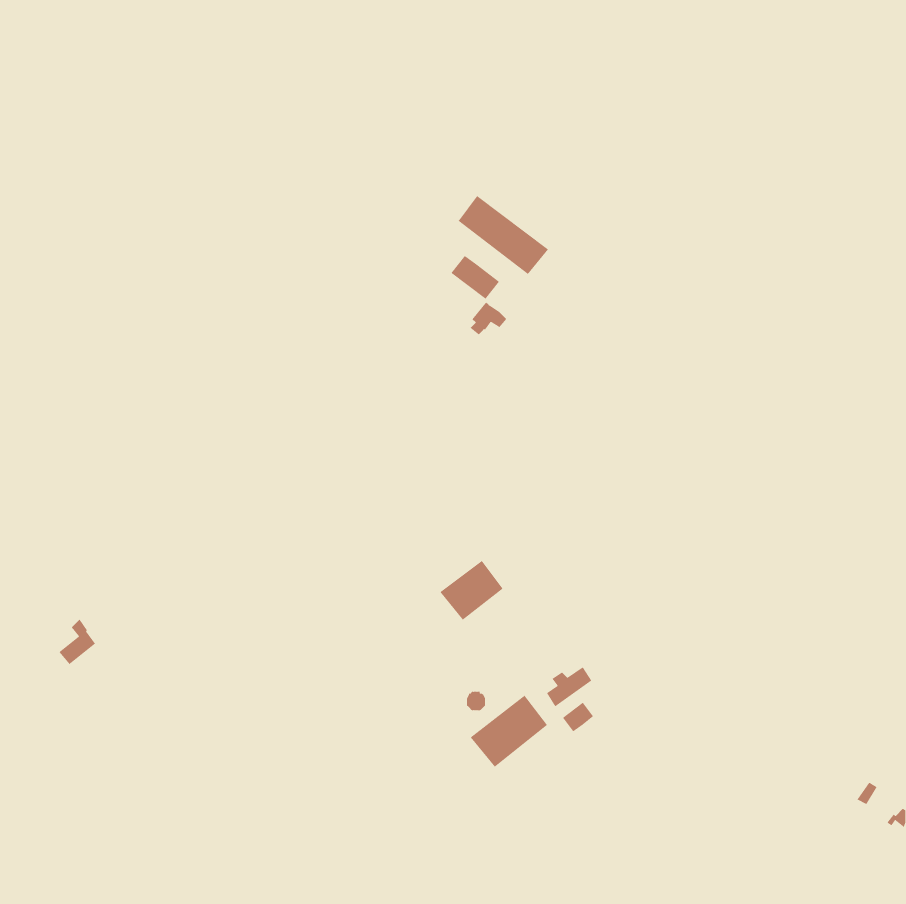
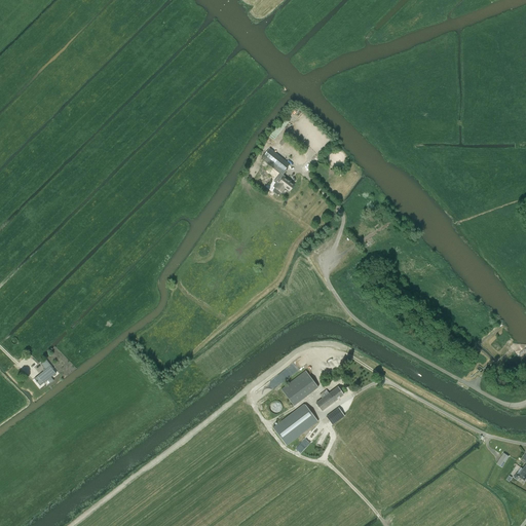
building: [458,195,549,275] -> none
building: [440,560,503,620] -> [281,369,318,404]

